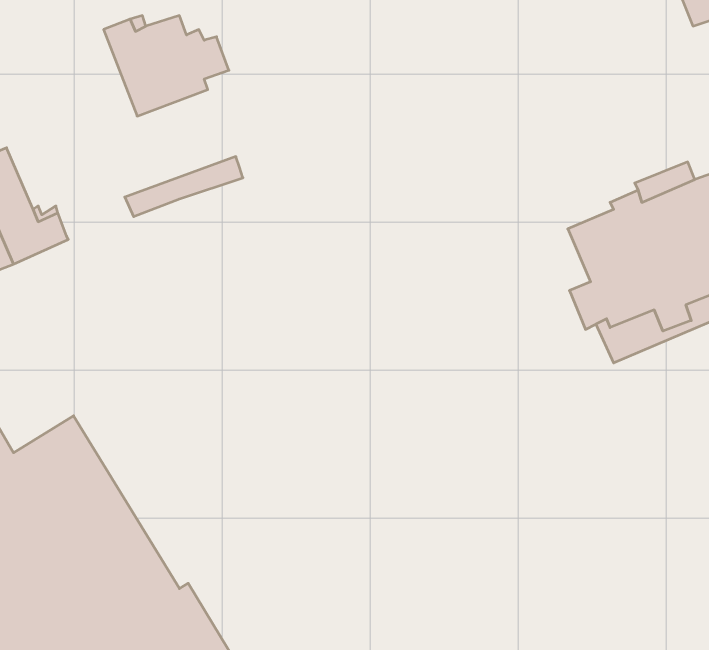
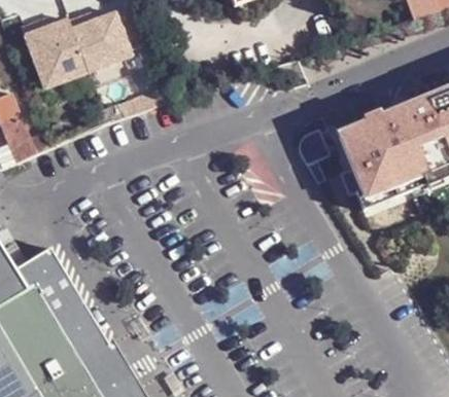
building: none -> [18,15,84,86]

